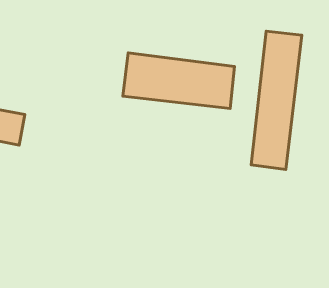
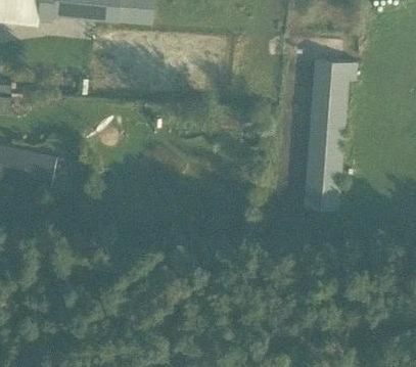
building: [123,53,235,109] -> none

